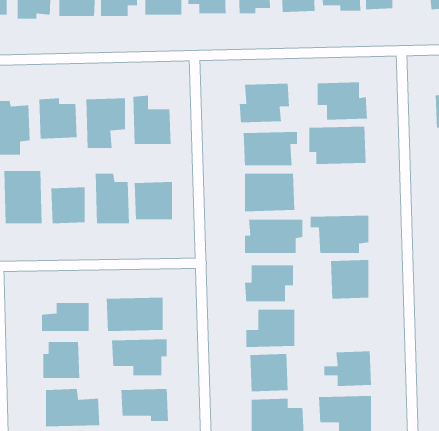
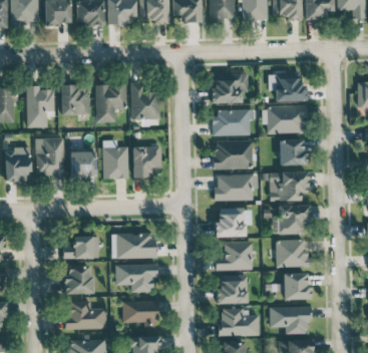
building: none -> [280,139,306,165]
building: none -> [277,240,310,268]

